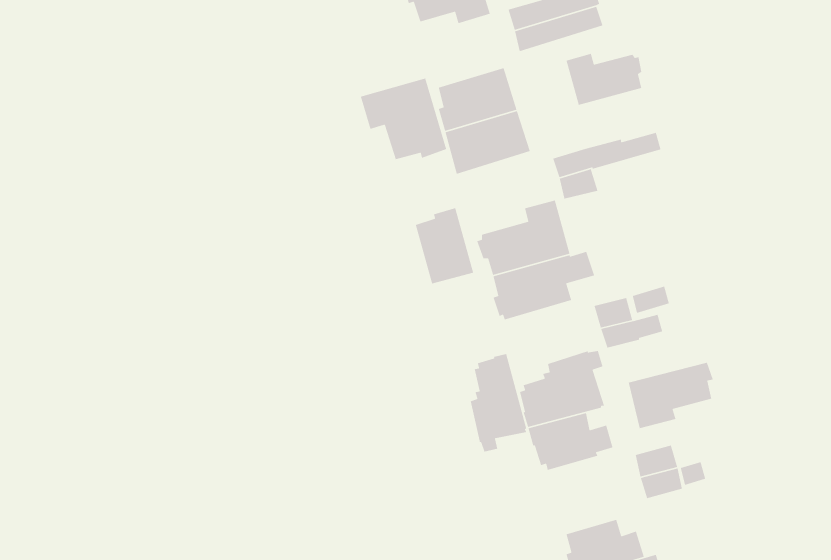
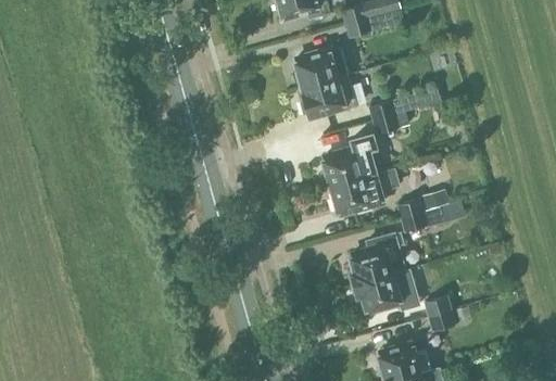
building: [566,53,642,106] -> none
building: [360,77,447,160] -> none
building: [415,207,474,284] -> none
building: [470,353,527,453] -> none
building: [628,362,714,429] -> none

